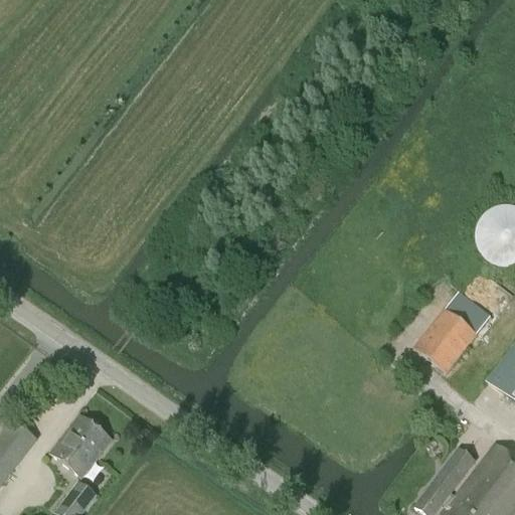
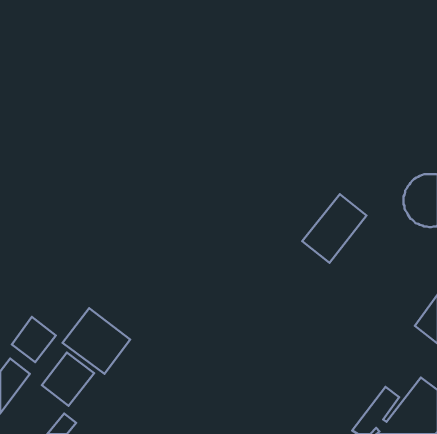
building: [413,292,489,372] -> [302,194,367,263]
building: none -> [62,308,130,374]
building: none -> [12,317,56,362]

